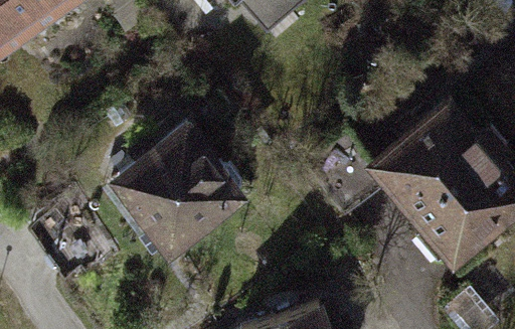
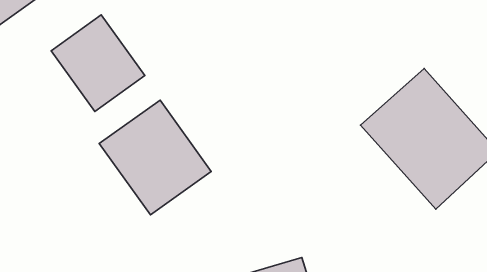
building: none -> [51,15,145,111]

